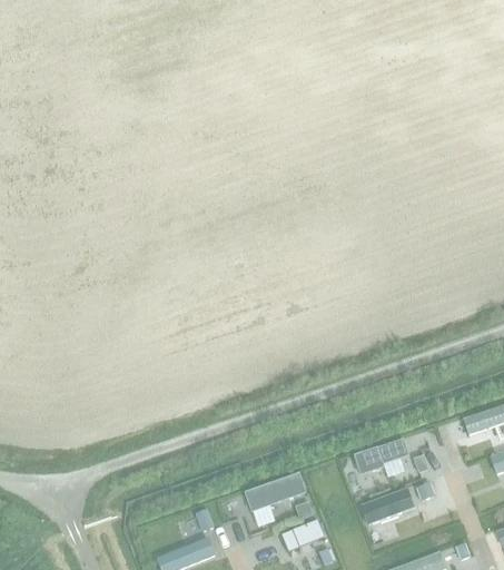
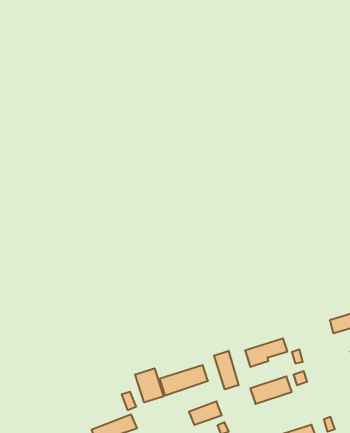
building: none -> [214,351,239,389]
building: none -> [135,368,163,402]

